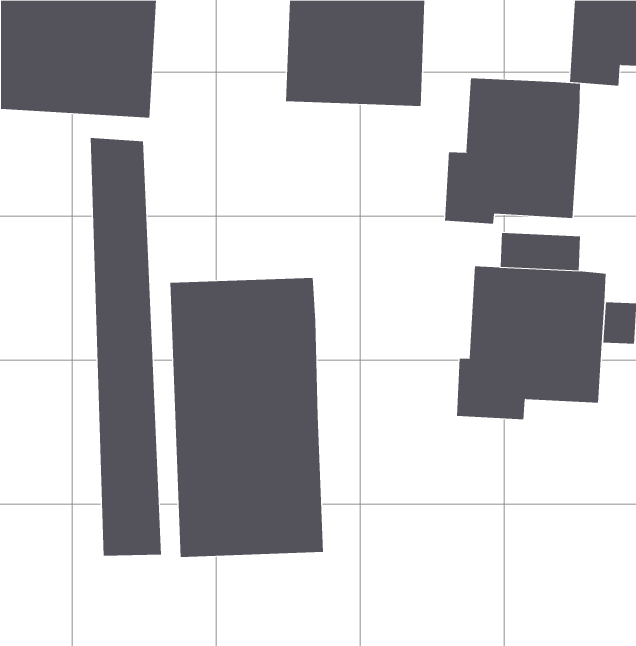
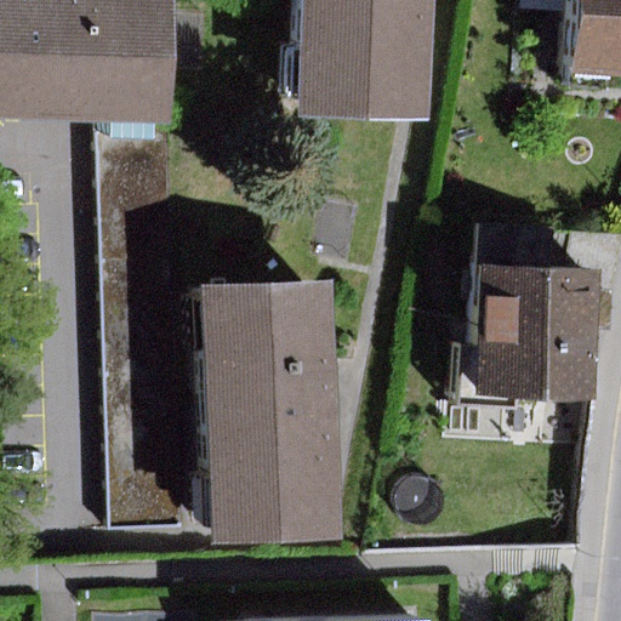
building: [444,77,580,225] -> none

